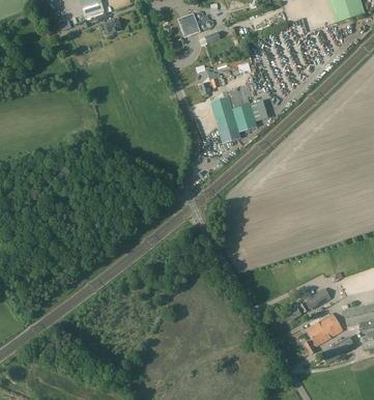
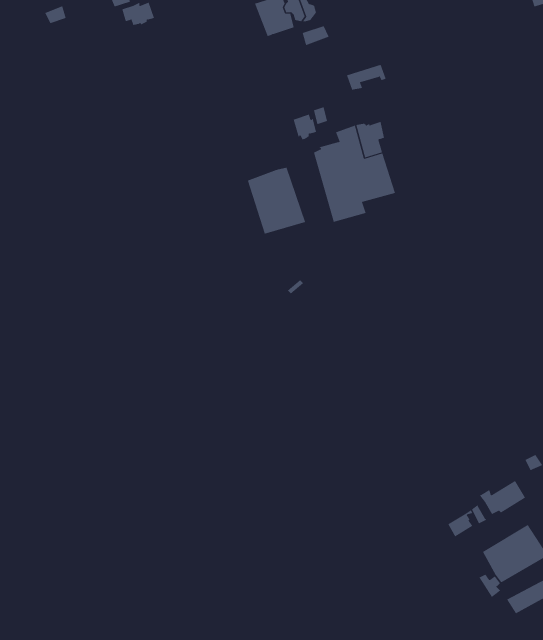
building: none -> [247,167,306,234]

